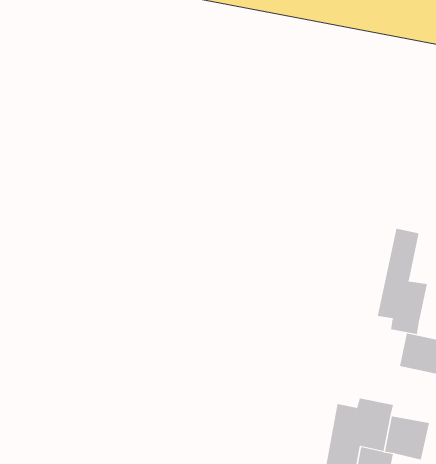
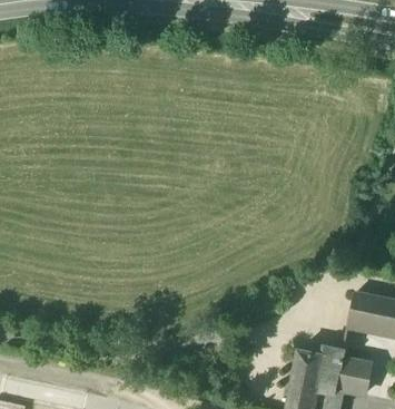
building: [377,228,427,335] -> none

